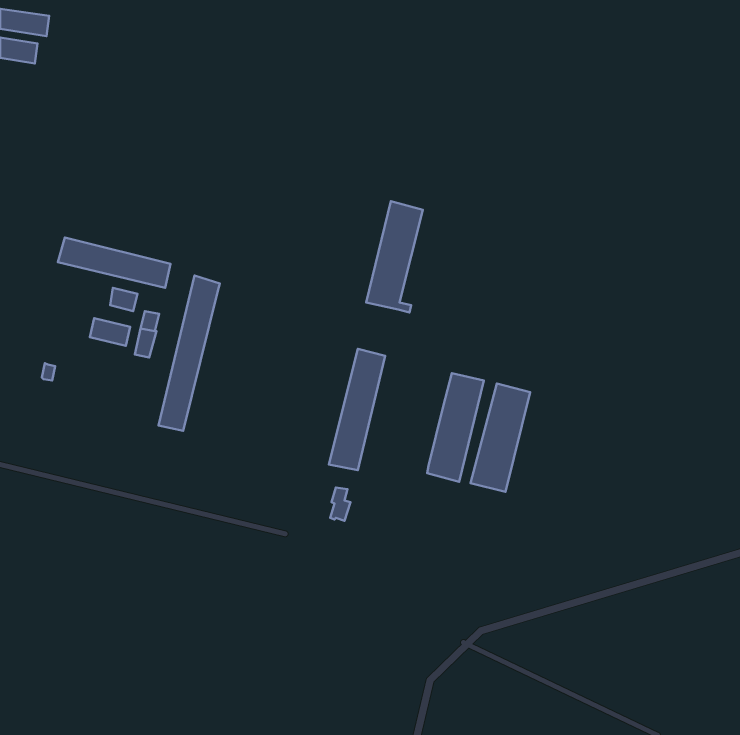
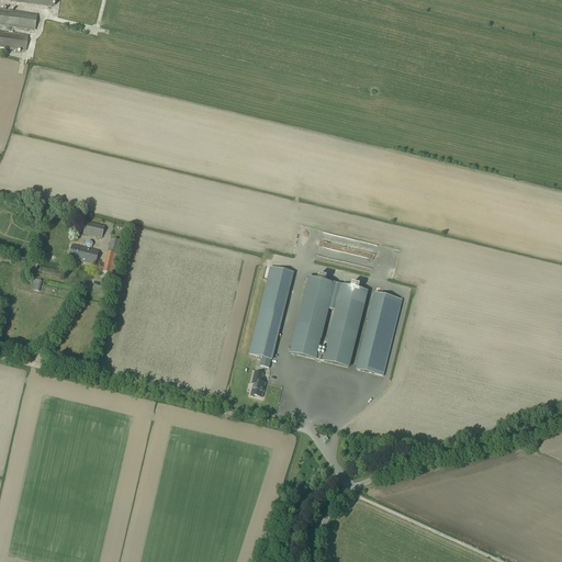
building: [366,201,423,313] -> [291,274,334,359]
building: [58,238,171,288] -> none
building: [158,276,220,431] -> none

